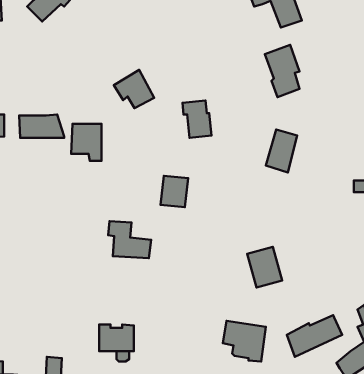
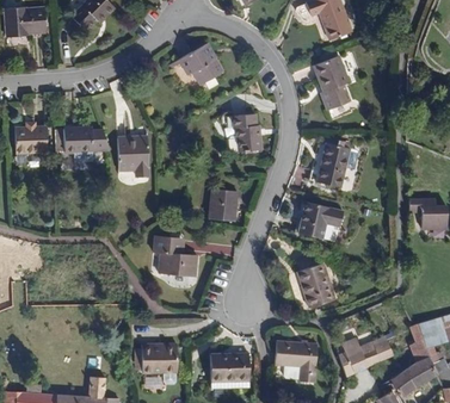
building: [114,70,154,108] -> [181,42,223,81]
building: none -> [298,200,343,236]
building: none -> [211,354,249,379]

